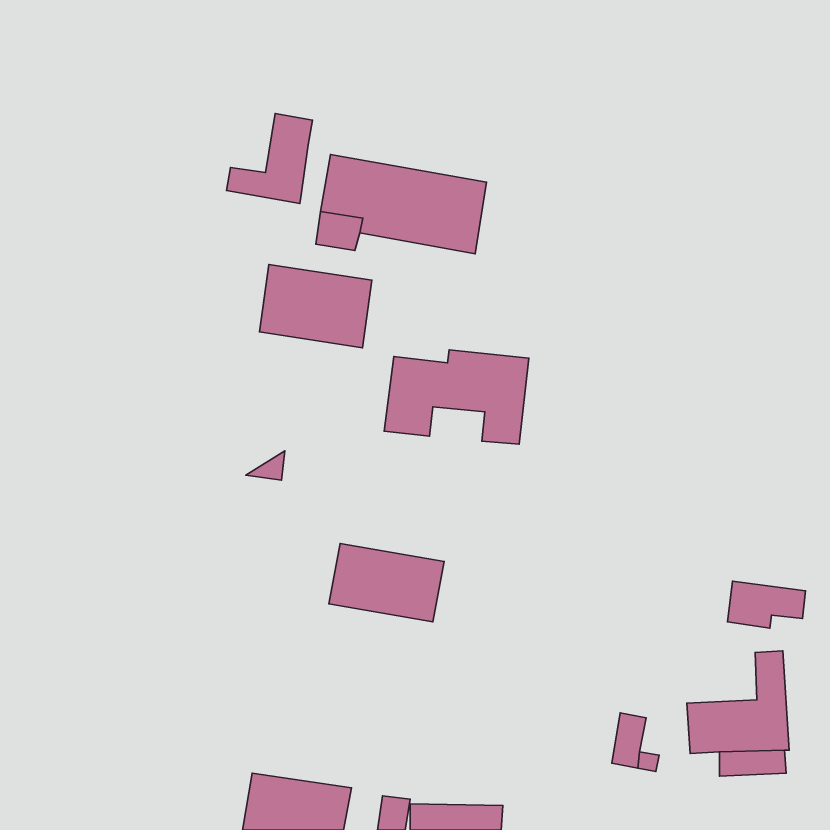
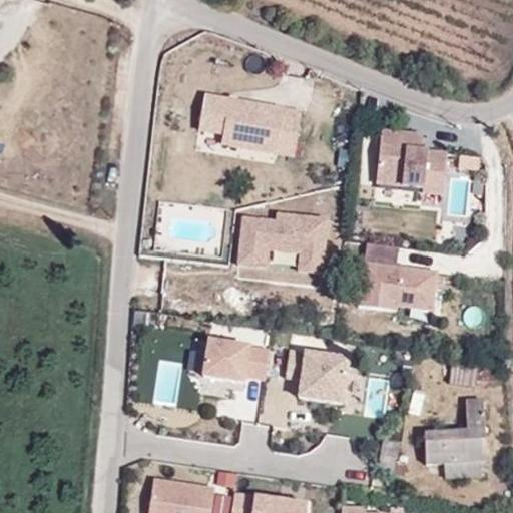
building: [226,114,312,204] -> none
building: none -> [378,131,450,195]
building: [260,264,372,348] -> none
building: none -> [357,244,435,312]
building: none -> [288,347,387,410]

